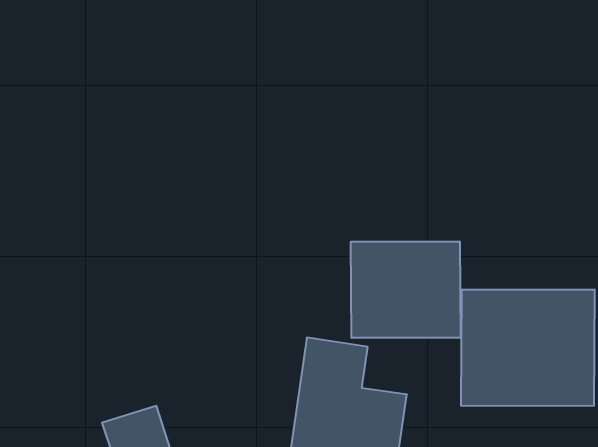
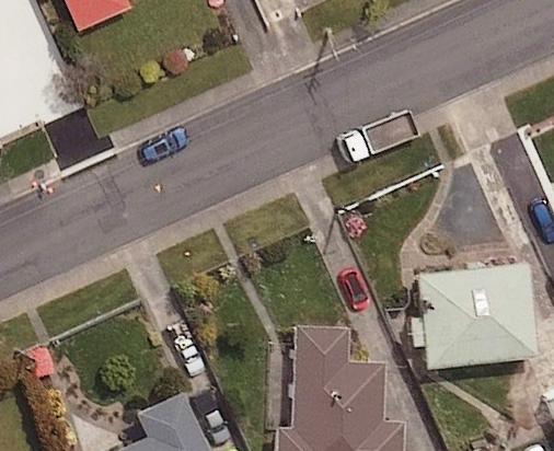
building: [351,241,460,338] -> none

